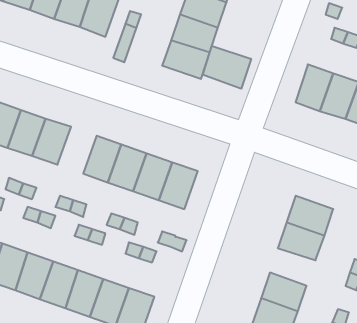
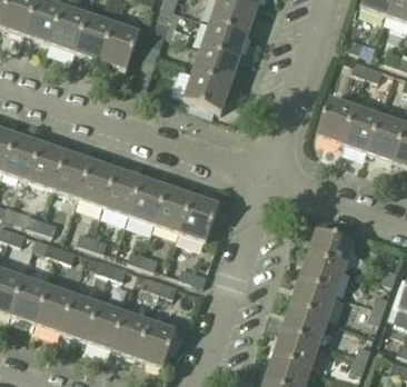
building: [203,46,251,89] -> none
building: none -> [79,159,118,206]
building: none -> [291,280,337,318]

